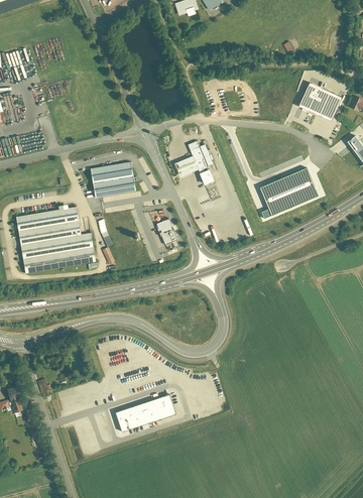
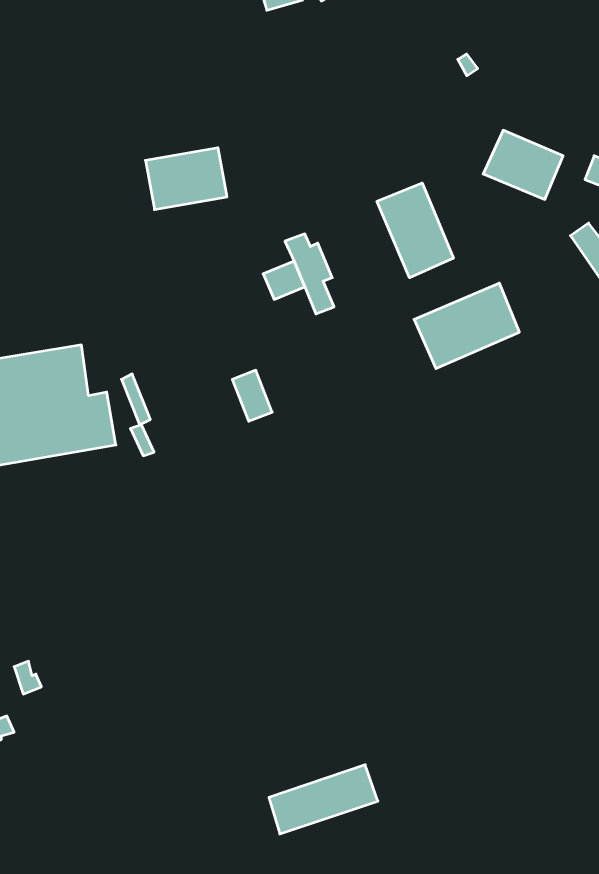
building: none -> [377,183,453,278]
building: [89,162,134,197] -> [145,148,227,210]
building: [113,393,173,431] -> [269,765,378,834]

